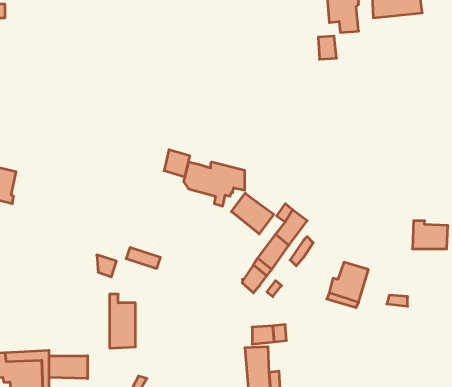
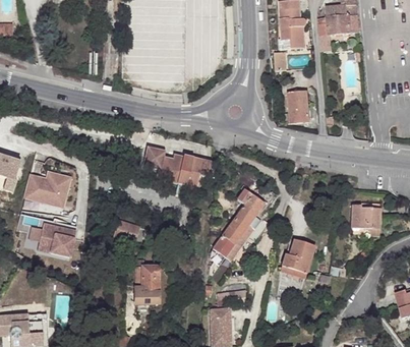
building: none -> [286,90,309,122]
building: none -> [24,172,69,205]
building: [231,193,274,234] -> none
building: none -> [38,219,76,255]
building: [110,294,135,348] -> [135,258,157,303]
building: [49,356,88,379] -> none

